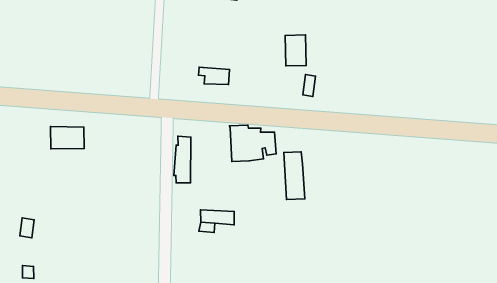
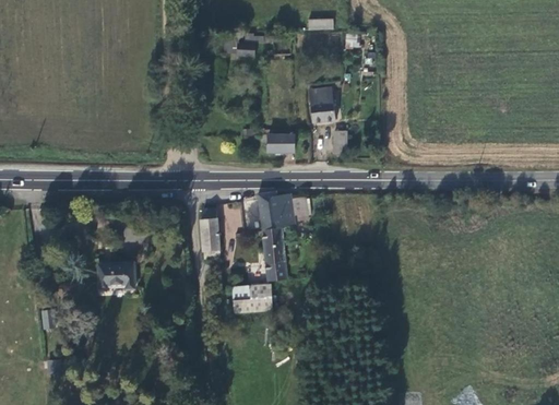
building: [199,67,230,85] -> [261,138,294,155]
building: [50,127,84,149] -> [98,259,136,285]
building: [284,152,305,199] -> [262,229,288,282]

